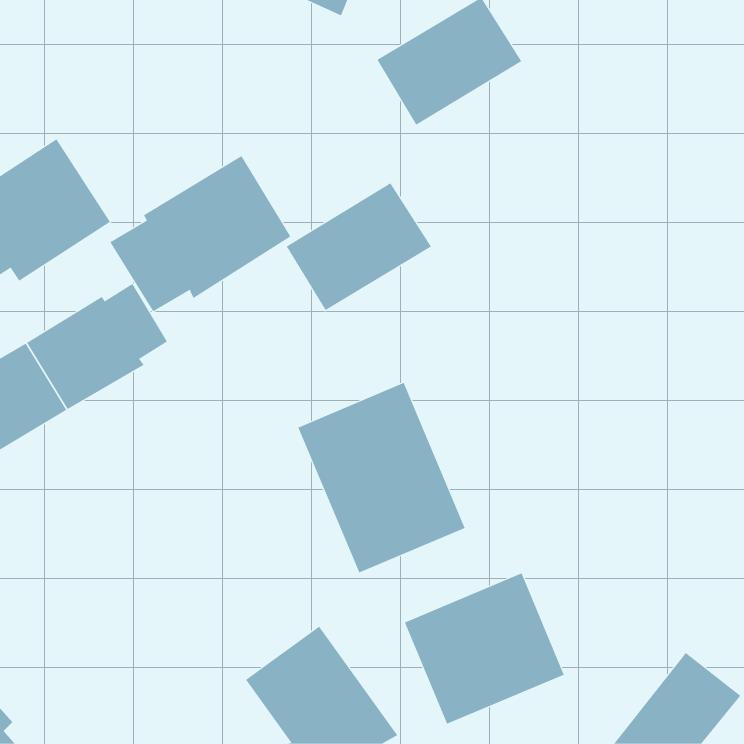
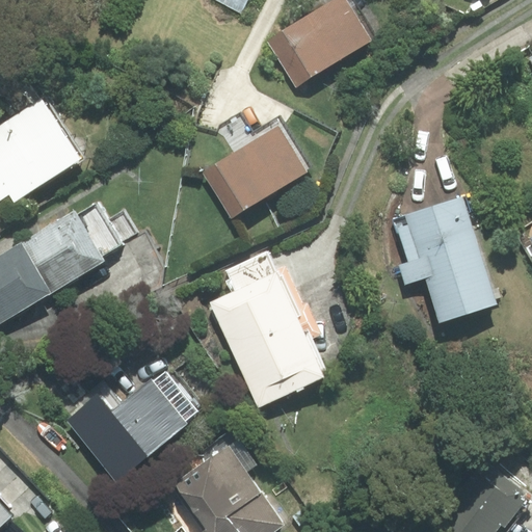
building: [110,155,291,312] -> none
building: none -> [394,194,502,329]
building: none -> [66,370,197,479]
building: [404,573,564,724] -> none

